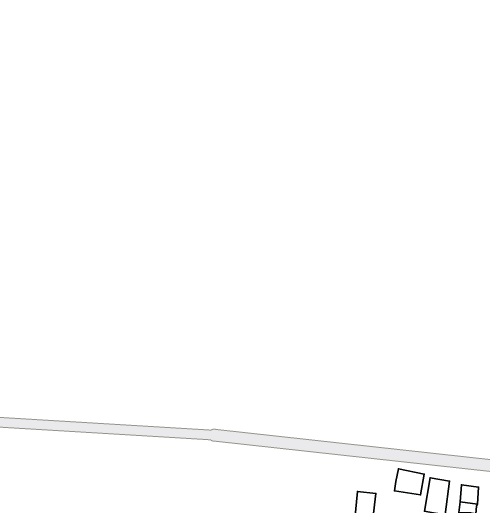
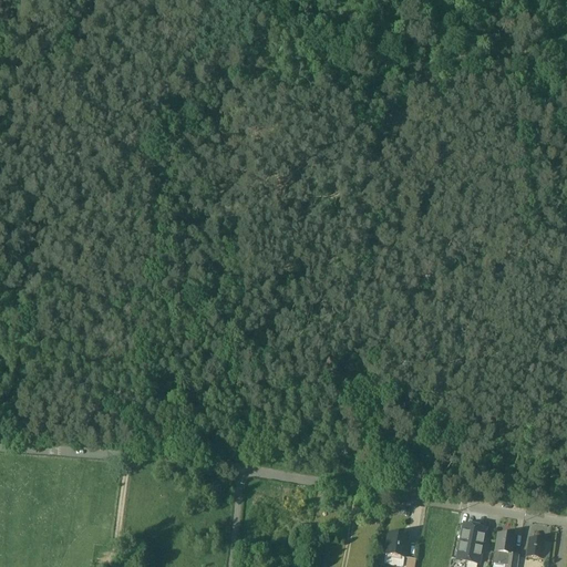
building: [395,469,424,495] -> none

